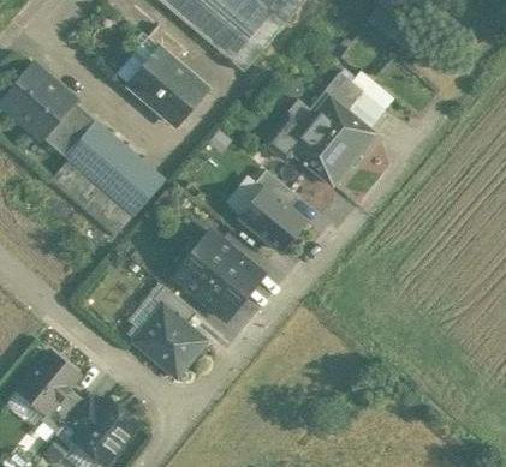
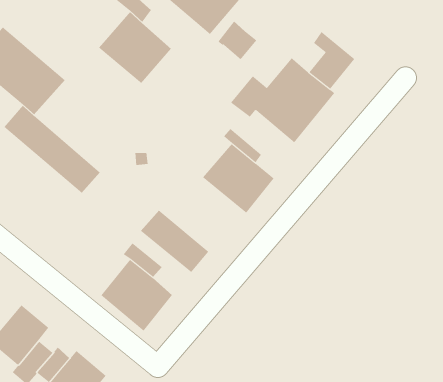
building: [321,70,362,110] -> [218,21,257,60]
building: [62,119,163,215] -> none
building: [191,229,261,295] -> none

